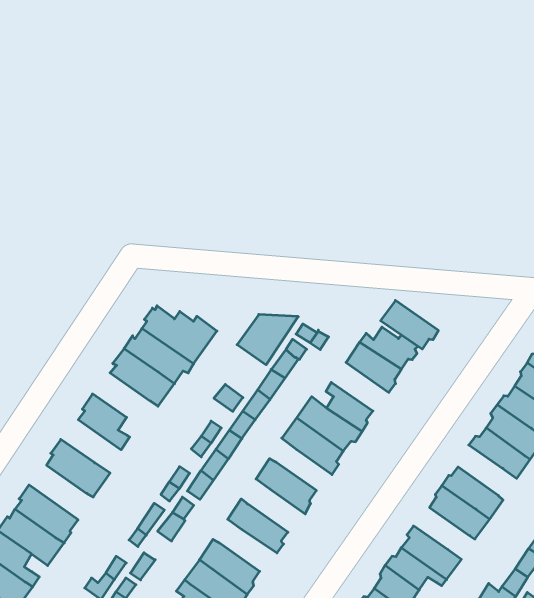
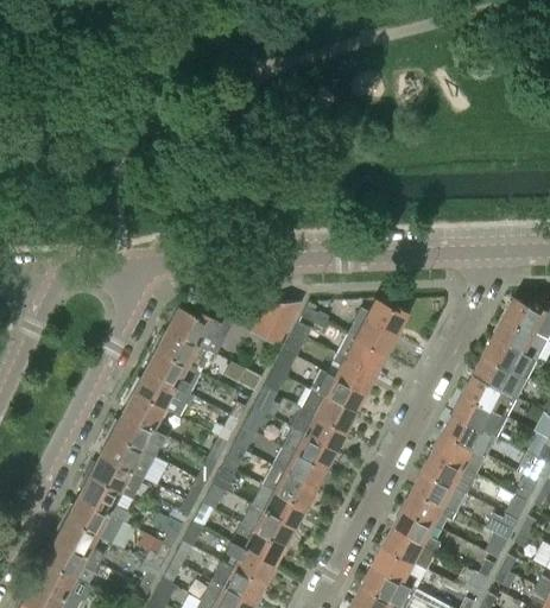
building: [381,300,438,349] -> [336,336,387,375]
building: none -> [131,370,194,417]
building: none -> [108,414,165,457]
building: none -> [290,408,347,450]
building: none -> [455,394,507,438]
building: none -> [86,457,143,501]
building: none -> [271,446,328,489]
building: none -> [423,452,478,494]
building: none -> [251,484,308,526]

